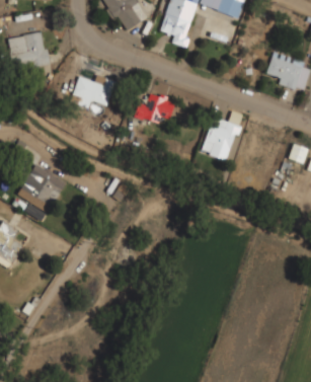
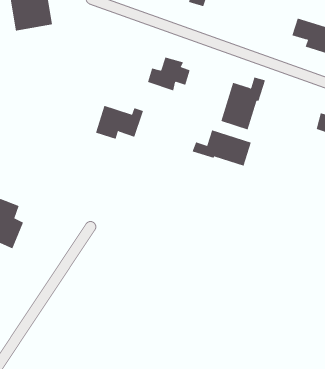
building: [71,76,115,107] -> [95,105,144,140]
building: none -> [192,129,251,166]
building: [16,162,67,213] -> none

